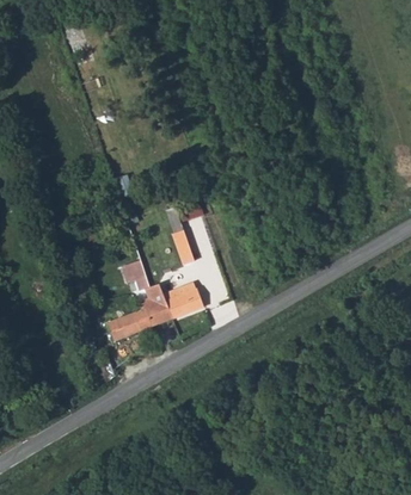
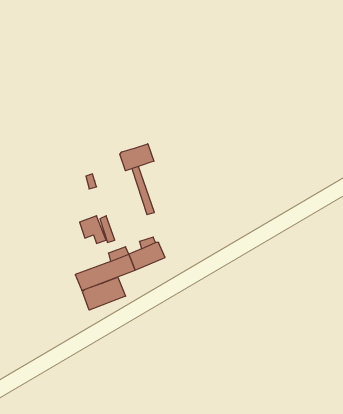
building: none -> [120,144,154,171]
building: none -> [82,277,126,310]

